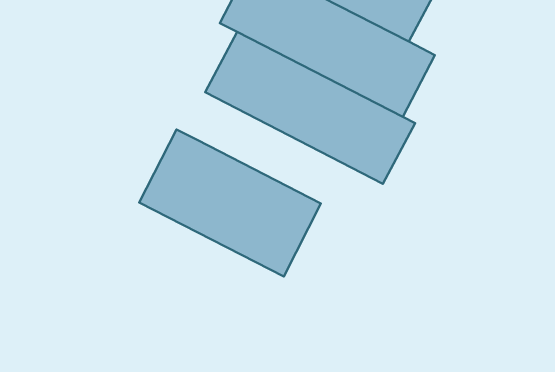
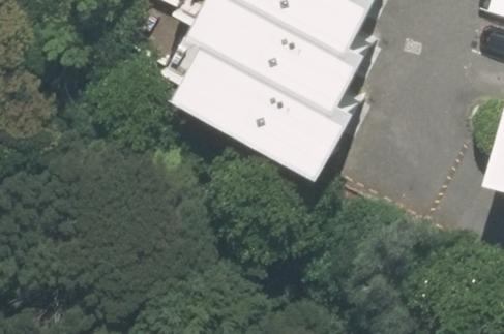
building: [139,129,321,277] -> none

